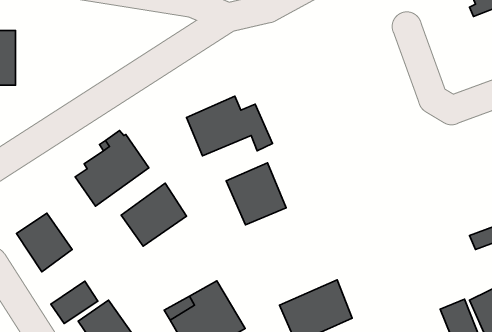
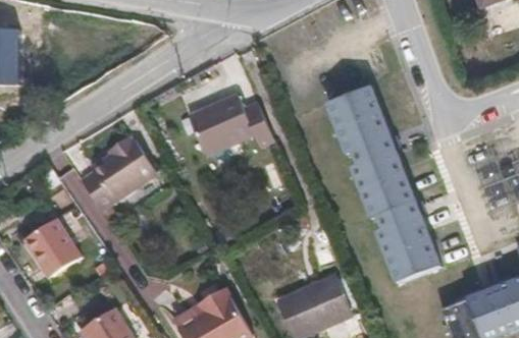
building: none -> [325,90,444,285]
building: [226,163,286,225] -> none
building: [121,183,186,246] -> none
building: [51,281,98,323] -> none

